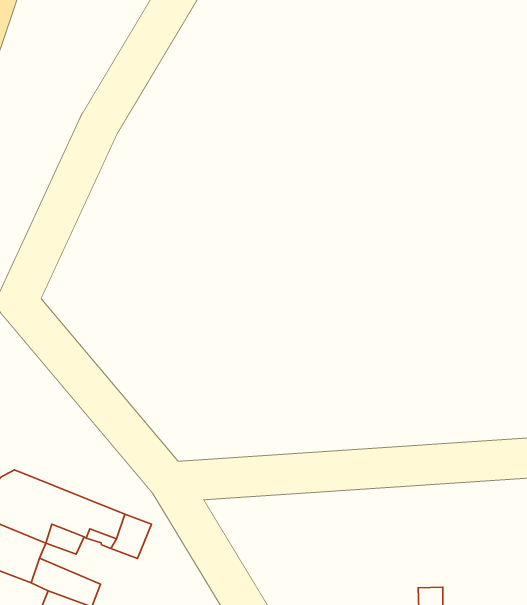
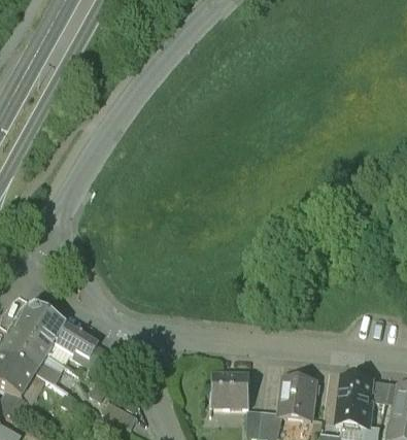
building: none -> [278,376,312,417]
building: none -> [211,371,247,403]

